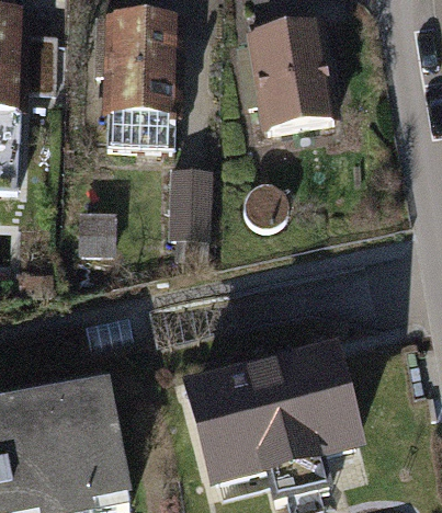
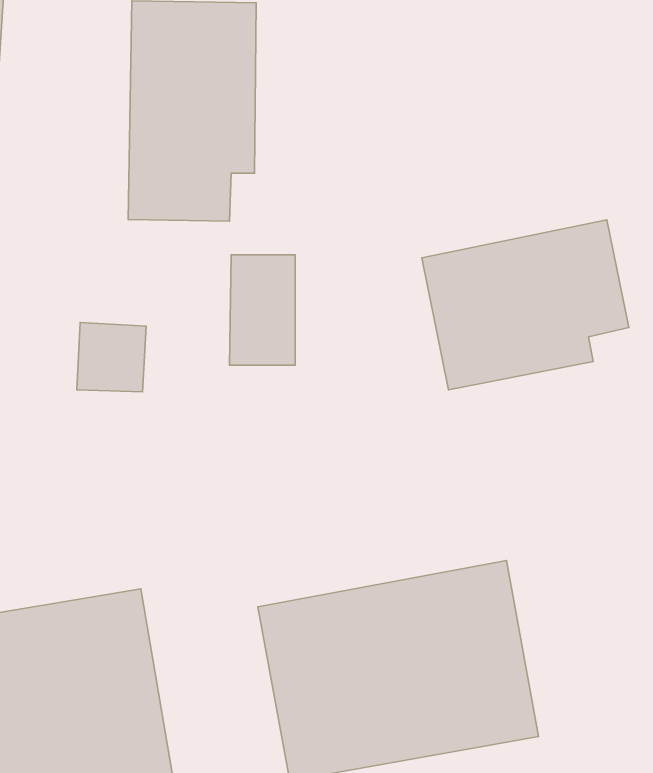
building: [251,24,333,128] -> none
building: none -> [422,220,629,390]

